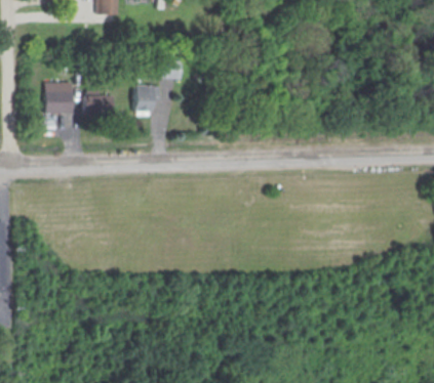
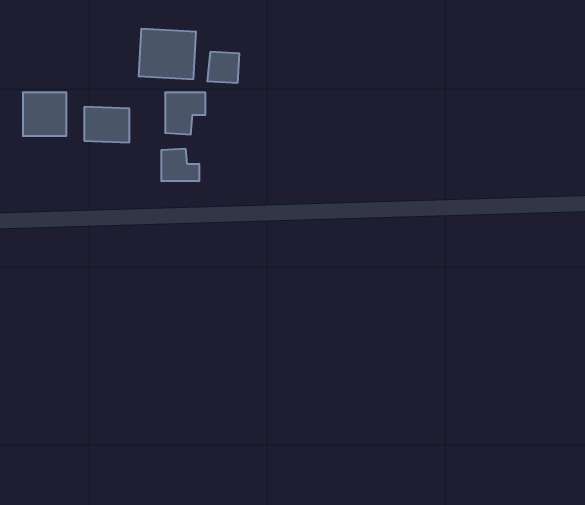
building: none -> [139,29,196,79]
building: none -> [161,149,199,181]

